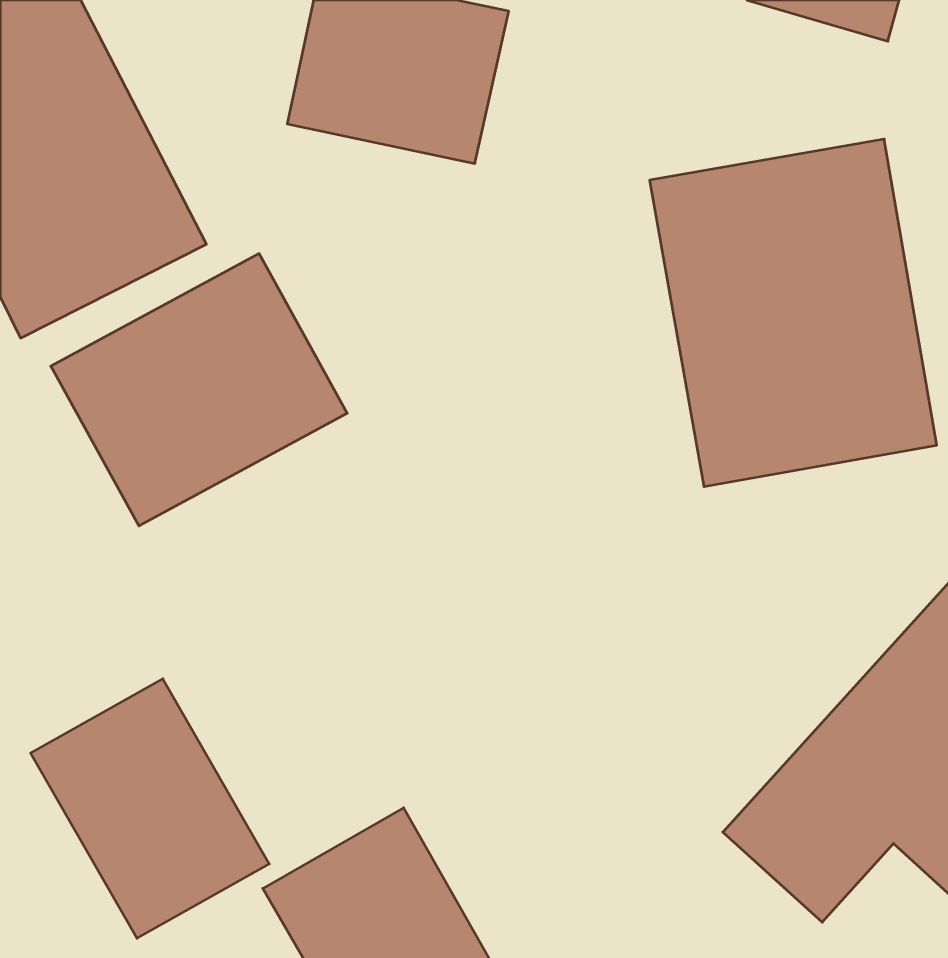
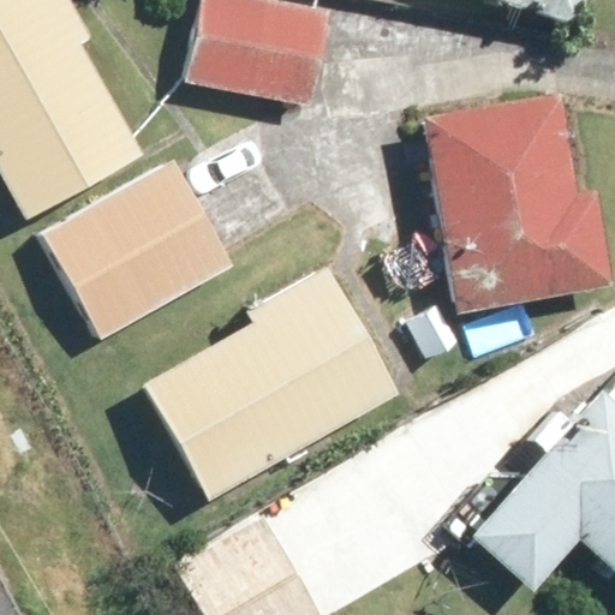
building: none -> [144,279,395,498]
building: [31,679,269,938] -> none

